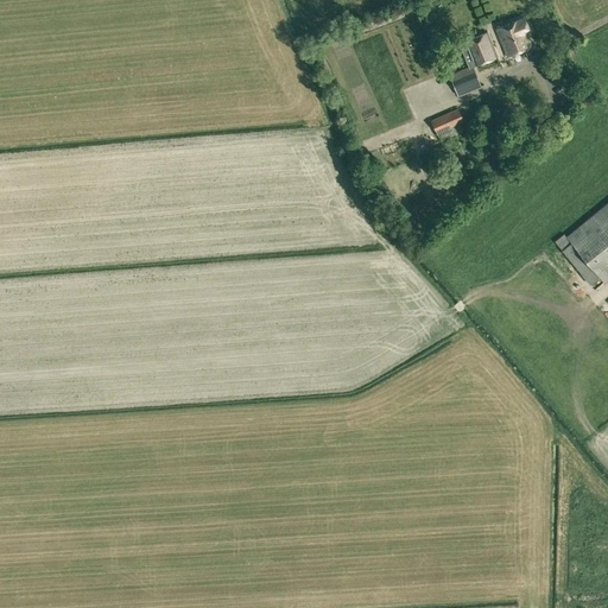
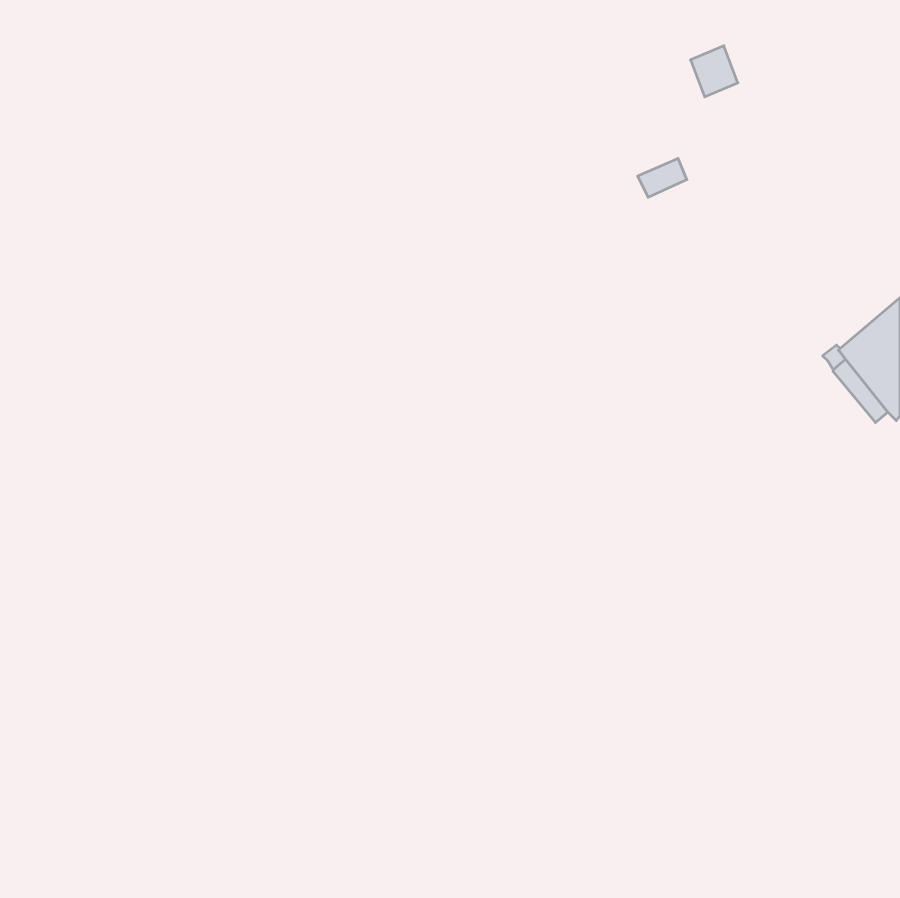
building: [495,18,532,57] -> none
building: [450,66,481,97] -> none

